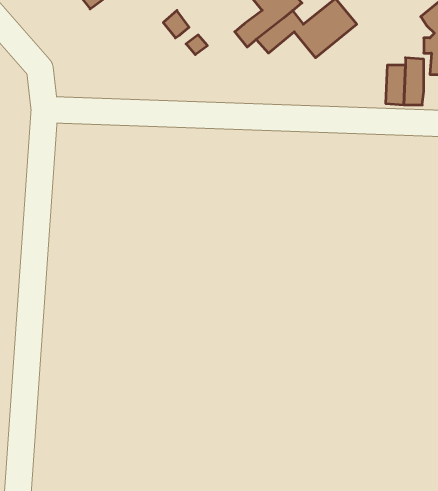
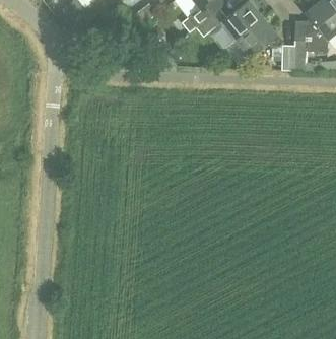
building: none -> [234,17,276,57]

